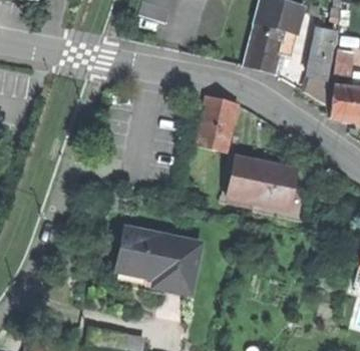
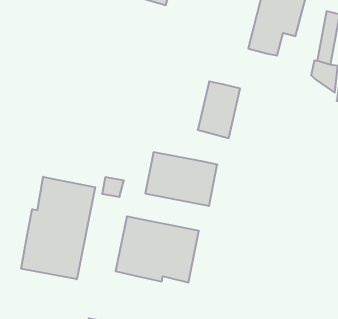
building: [228,156,298,209] -> [145,152,217,206]
building: none -> [21,177,95,279]

